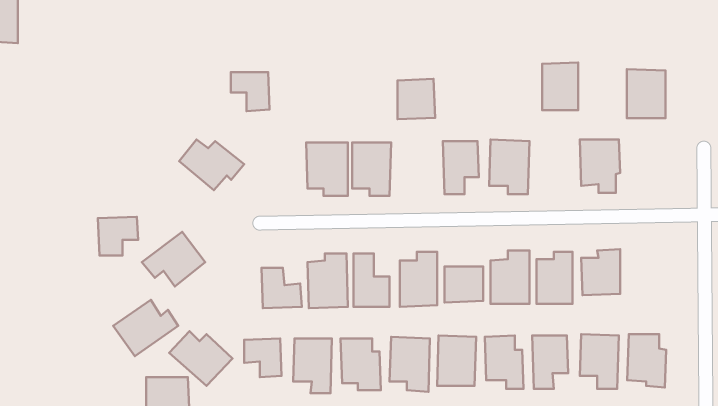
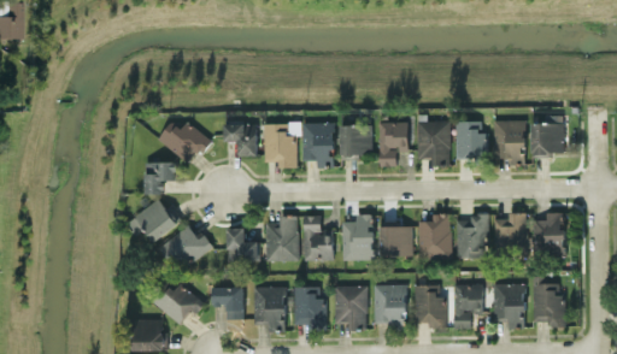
building: [542,63,578,110] -> [456,120,486,160]
building: [627,69,666,118] -> [531,114,564,155]
building: [231,72,270,111] -> [225,124,258,157]
building: [398,79,435,119] -> [341,124,372,158]
building: [98,217,138,256] -> [145,161,178,194]
building: none -> [533,212,565,255]
building: [113,300,178,356] -> [158,225,212,272]

